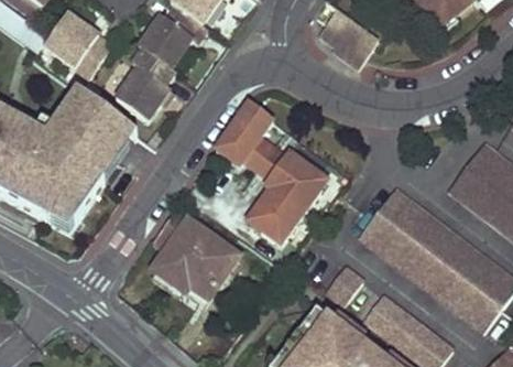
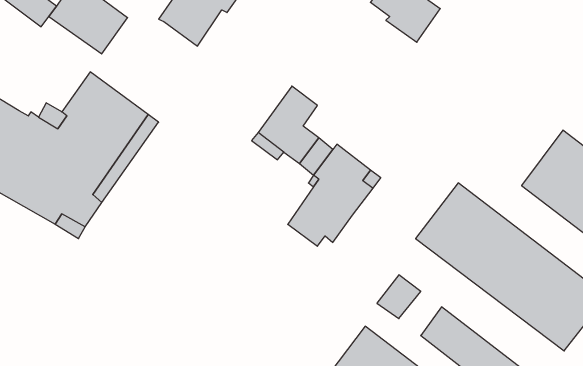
building: [116,46,175,118] -> none
building: [153,209,239,296] -> none

